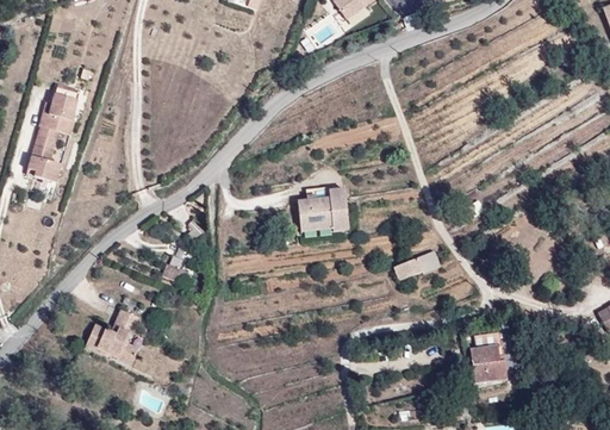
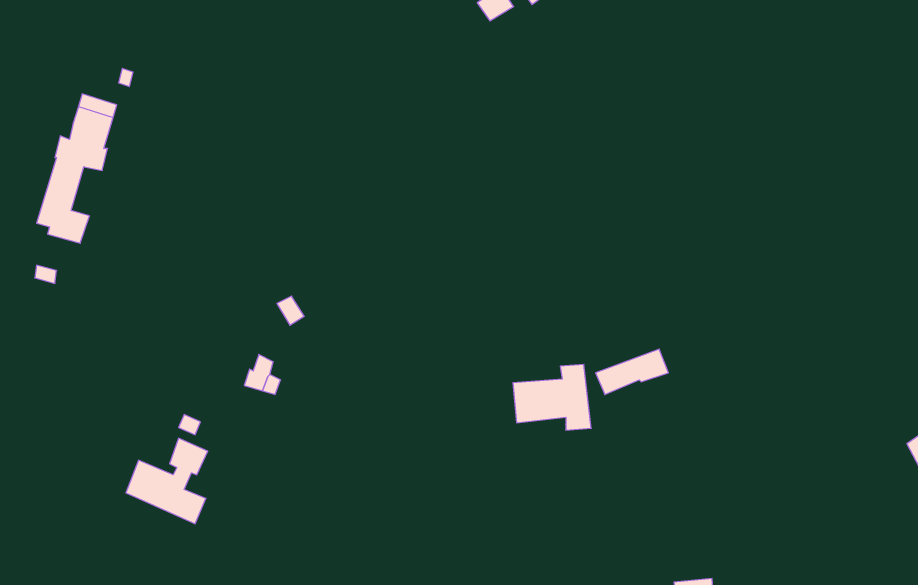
building: [298,187,349,230] -> [513,364,591,430]
building: [469,344,508,381] -> none

